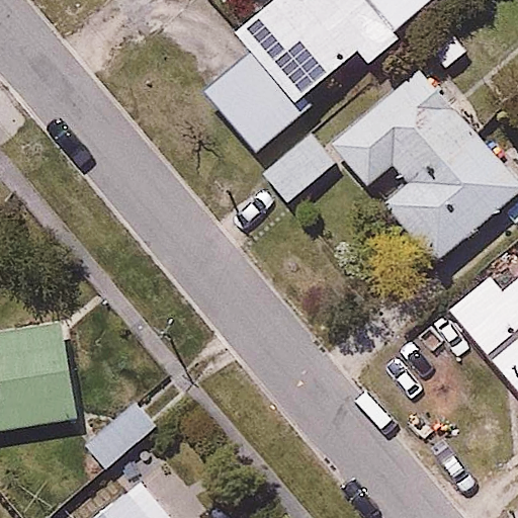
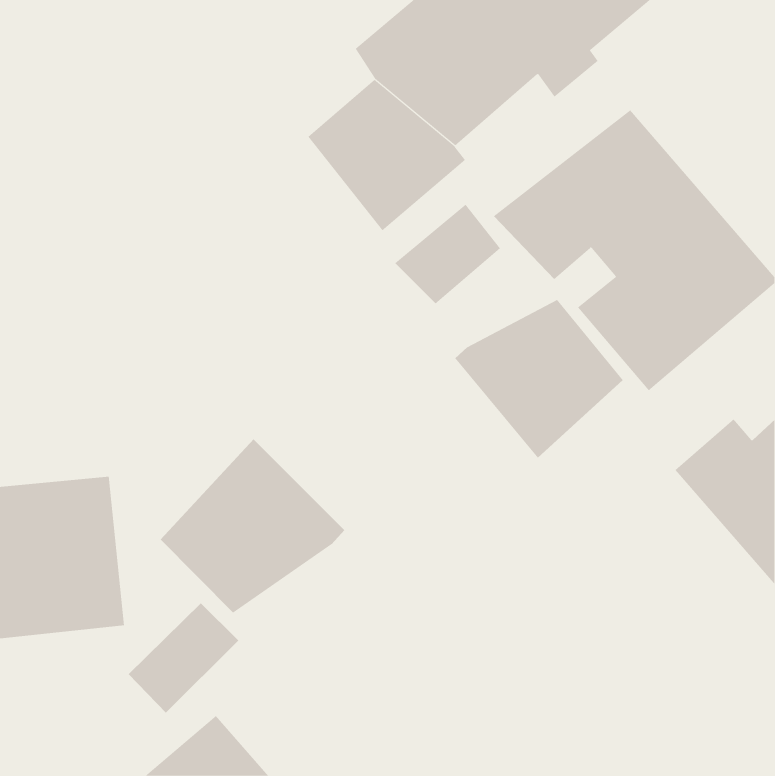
building: none -> [455,299,624,458]
building: none -> [160,438,345,614]

